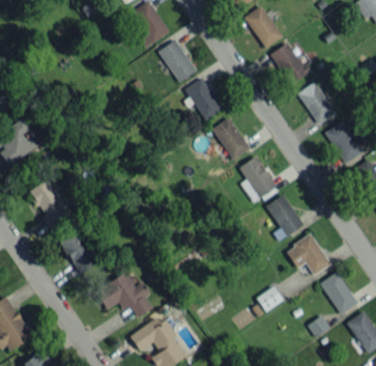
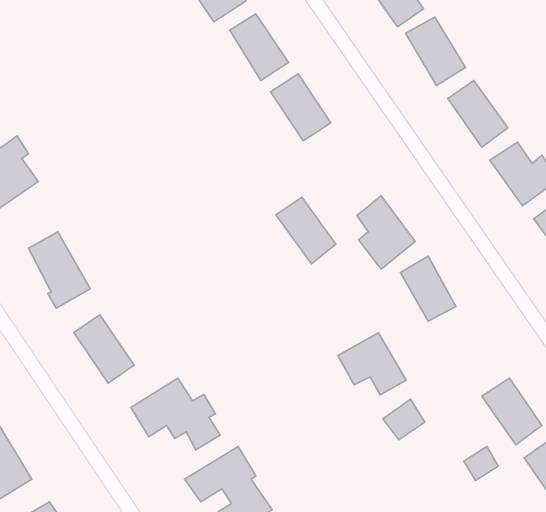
building: [211,117,250,160] -> [276,197,336,264]
building: [286,234,329,274] -> [338,333,406,395]

